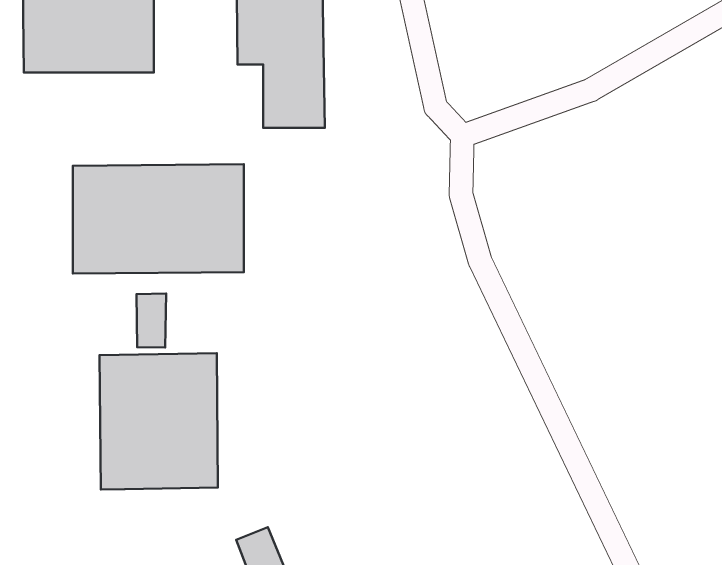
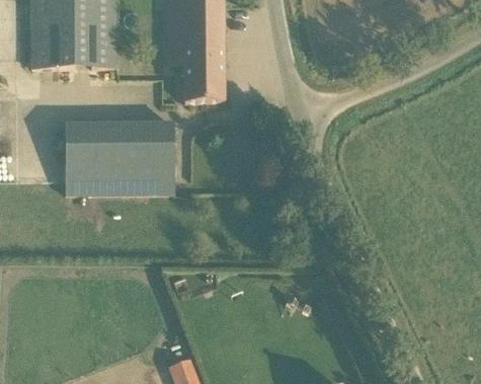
building: [137,294,166,347] -> none
building: [100,353,218,489] -> none

